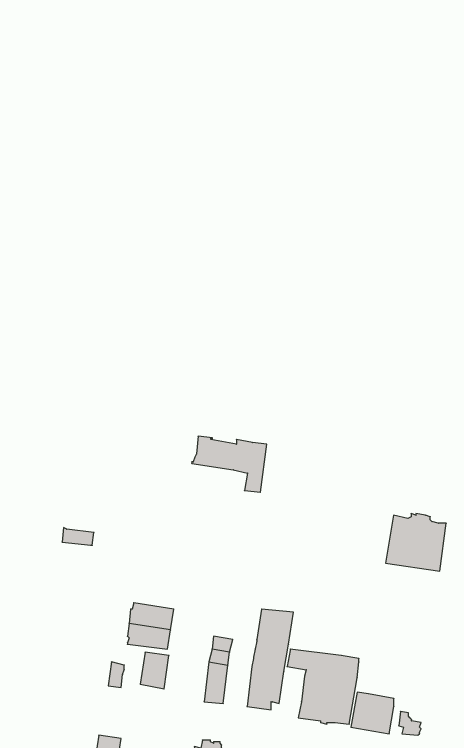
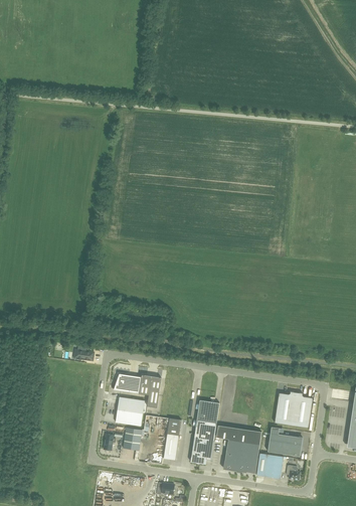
building: [192,436,267,492] -> [113,372,160,407]
building: [386,514,446,571] -> [274,391,312,428]
building: none -> [266,427,302,456]

